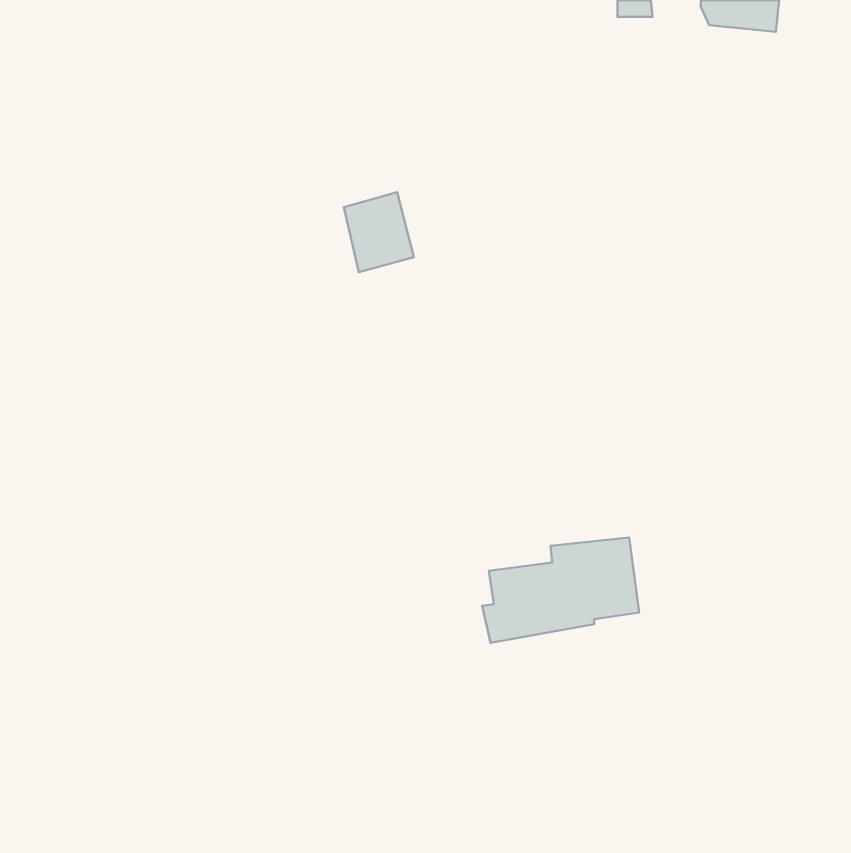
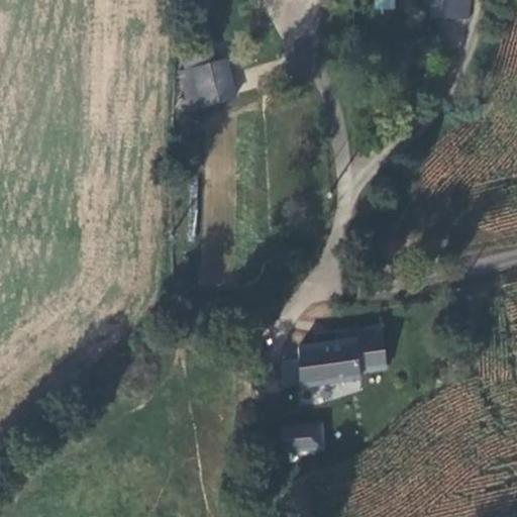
building: [344,192,414,272] -> [187,59,229,107]
building: none -> [282,424,325,454]

